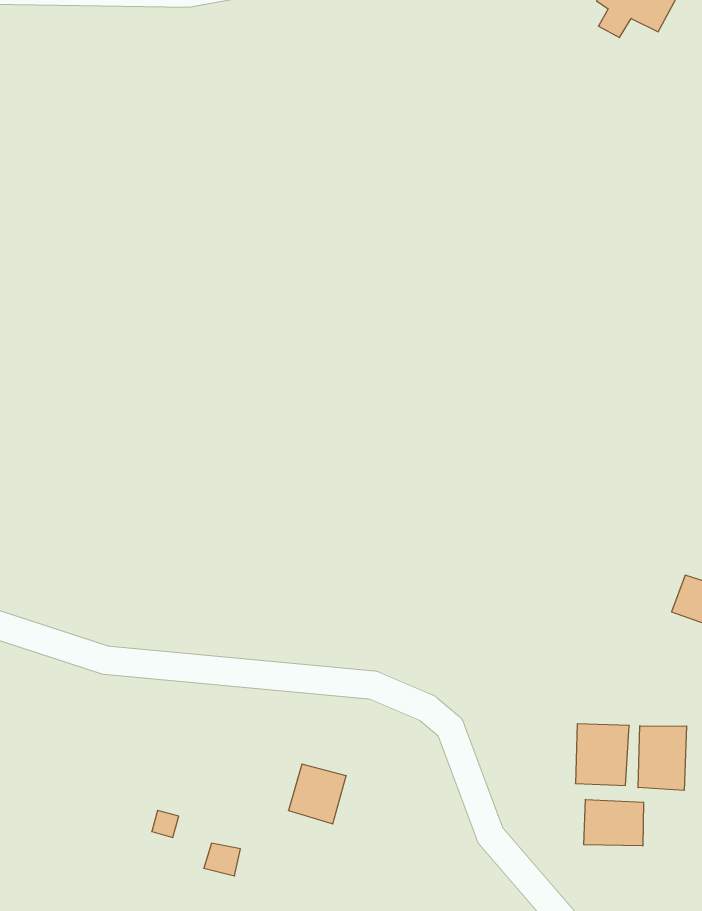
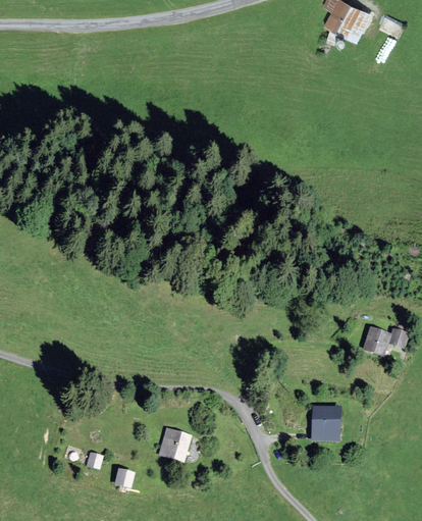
building: [638,726,687,790] -> none
building: [584,799,644,846] -> none

